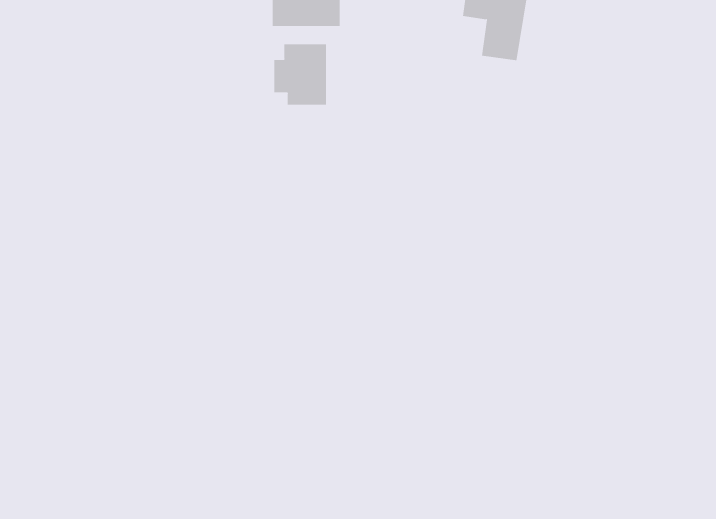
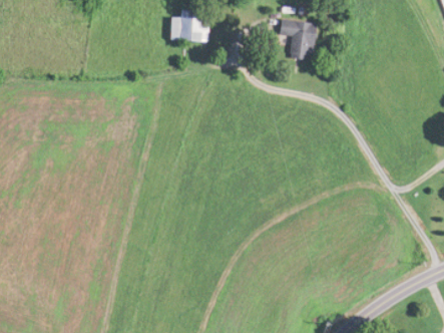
building: [274,44,326,106] -> none

